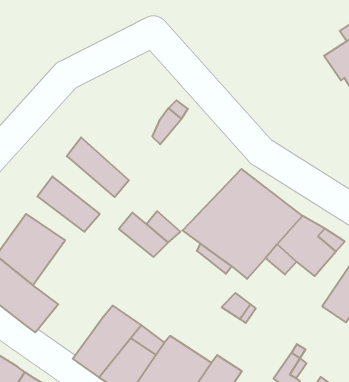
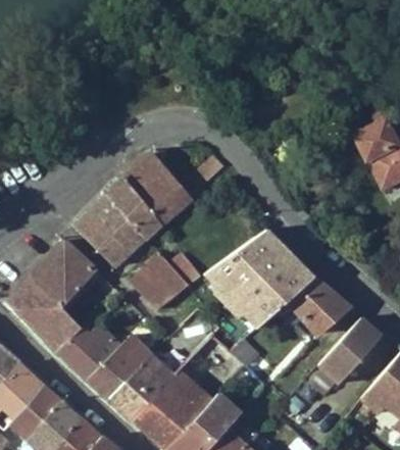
building: none -> [123,153,190,224]
building: none -> [93,195,146,251]
building: none -> [131,267,173,310]
building: none -> [57,324,120,379]

